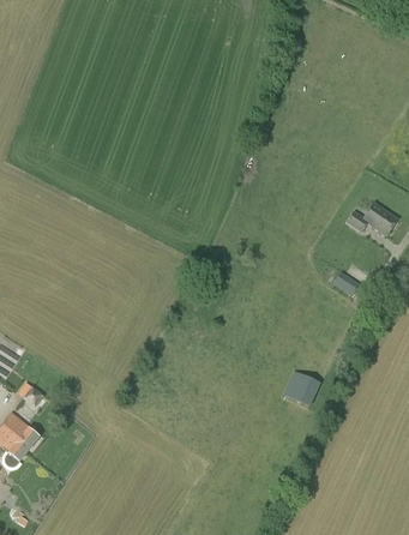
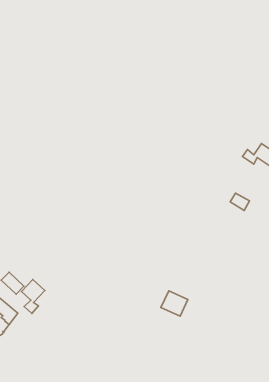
building: [283,371,320,405] -> [161,291,188,316]
building: none -> [22,279,45,314]

